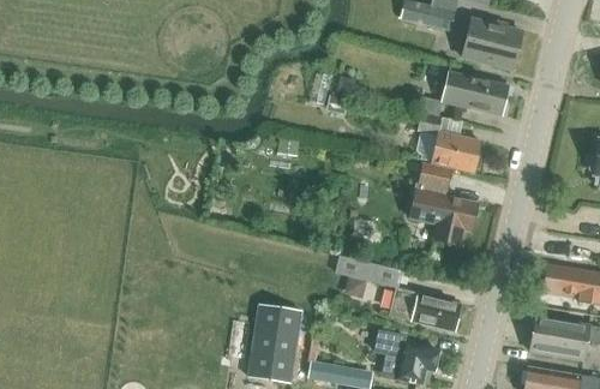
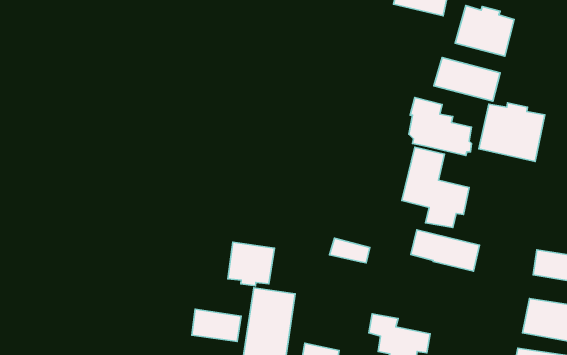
building: none -> [479,103,545,161]
building: none -> [228,242,274,286]
building: [390,288,460,330] -> [411,230,479,271]
building: none -> [192,309,241,342]

